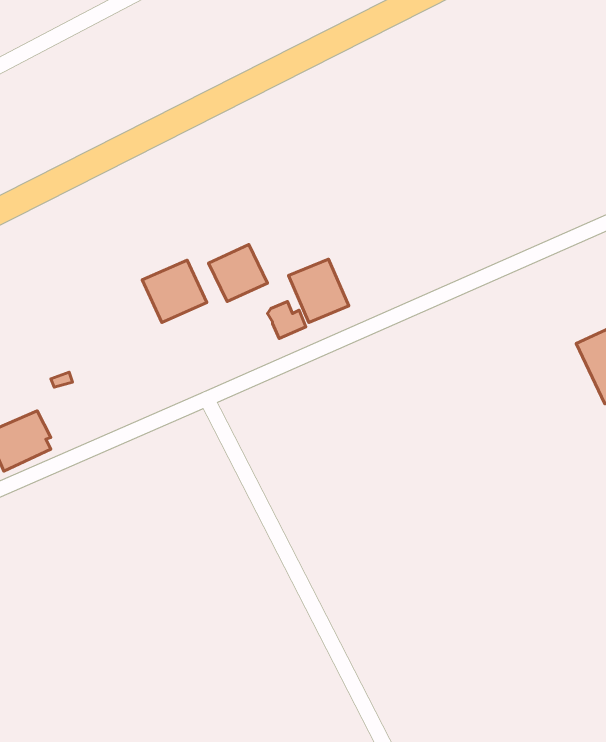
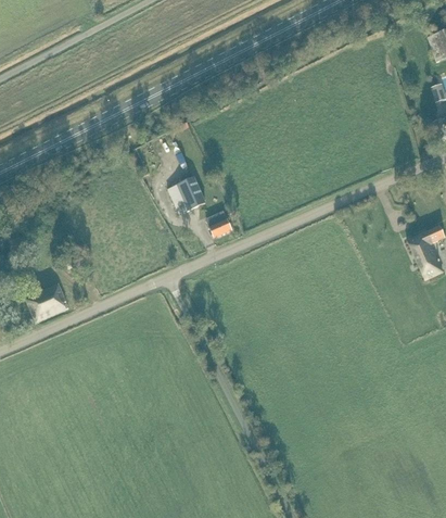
building: [288,259,349,323] -> none
building: [142,260,207,322] -> none

